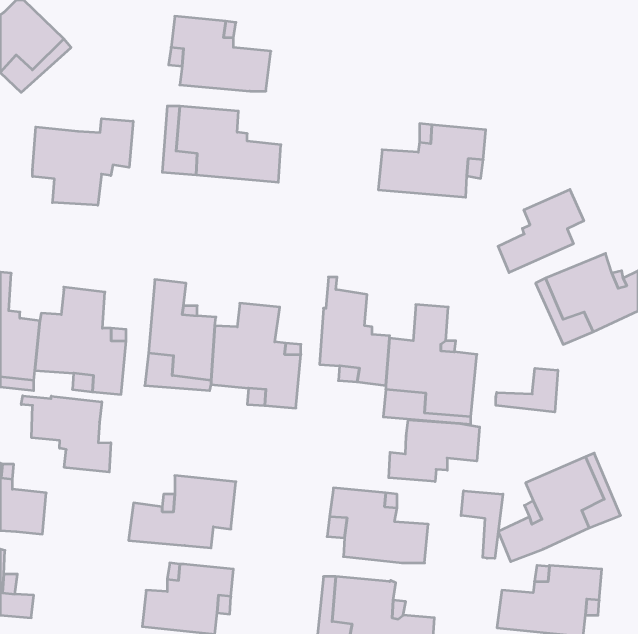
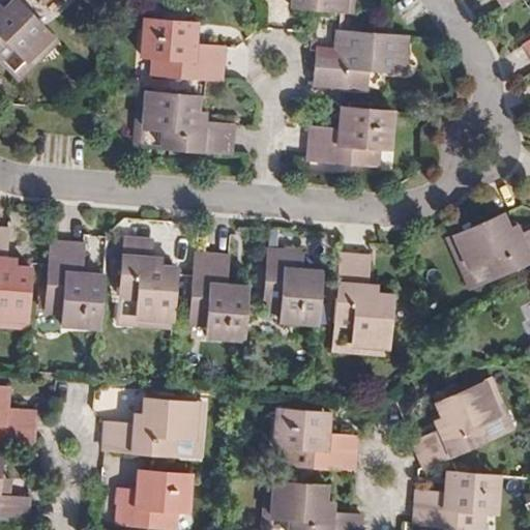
building: none -> [313,29,406,90]
building: [33,119,133,205] -> none
building: [498,189,584,273] -> none
building: [496,368,558,412] -> none
building: [21,396,111,472] -> none
building: [389,420,480,482] -> none
building: none -> [175,403,207,460]
building: [461,491,503,558] -> none

